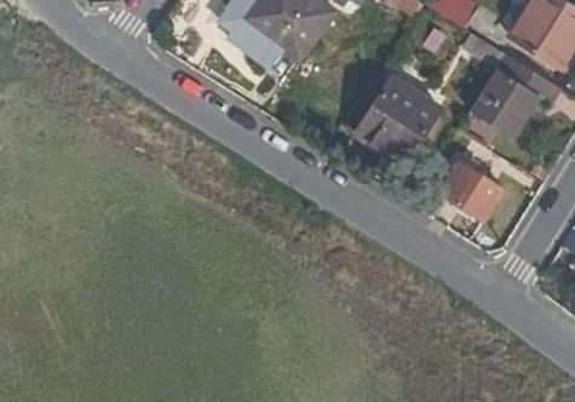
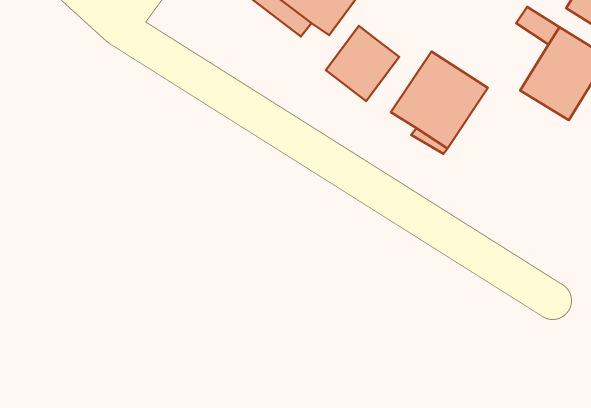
building: none -> [326,26,399,101]
building: [439,162,502,220] -> none

